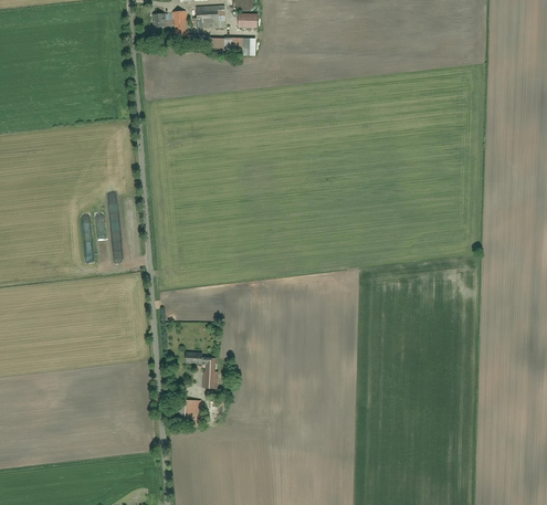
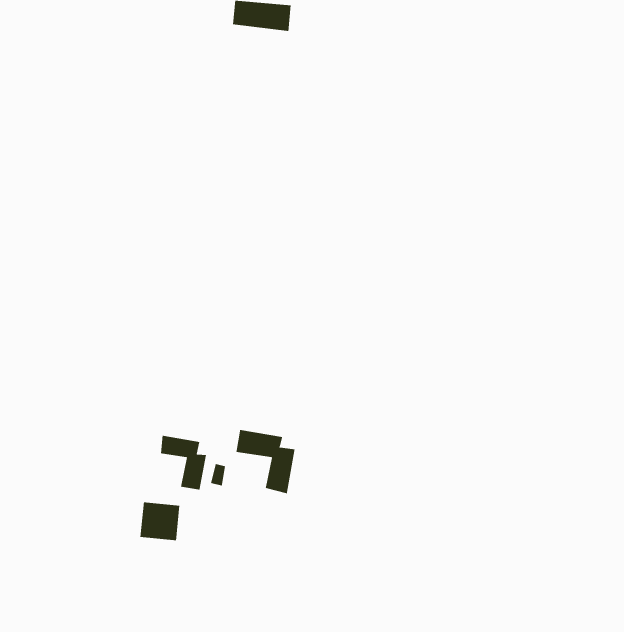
building: none -> [236,429,295,494]

